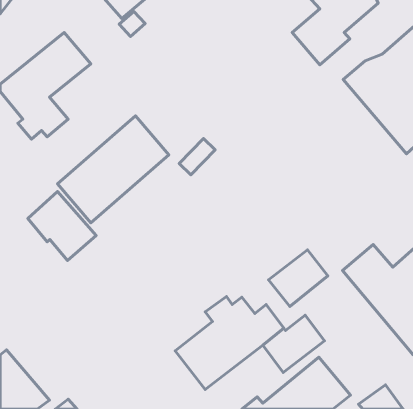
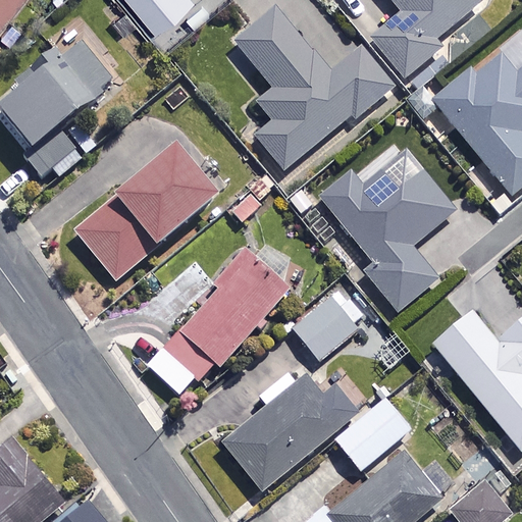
building: none -> [236,9,393,170]
building: none -> [318,152,454,311]
building: [28,192,96,261] -> none
building: none -> [146,251,285,395]
building: [269,250,328,307] -> [291,288,365,359]

